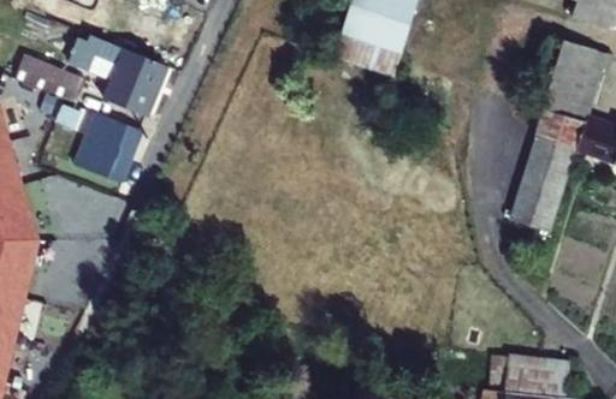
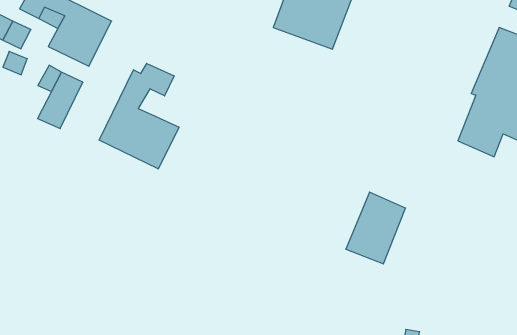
building: none -> [99,63,179,169]
building: [510,159,568,231] -> [346,192,406,264]

